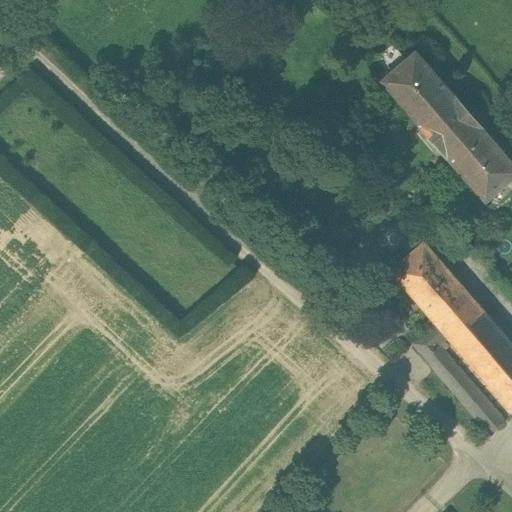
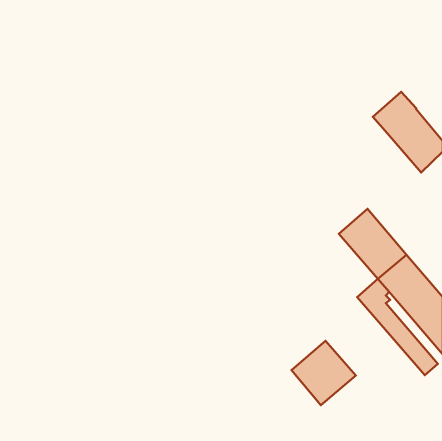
building: [384,53,464,137] -> none
building: none -> [292,341,356,405]

